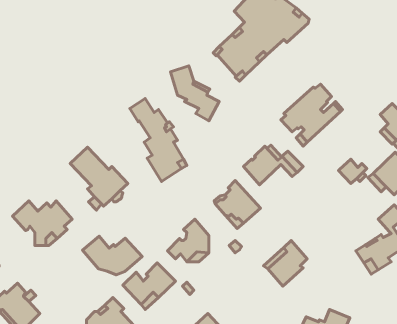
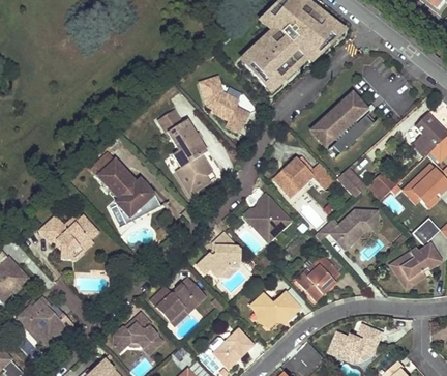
building: none -> [336,167,366,197]
building: none -> [315,209,376,248]
building: [82,236,142,275] -> none
building: none -> [249,291,300,326]

